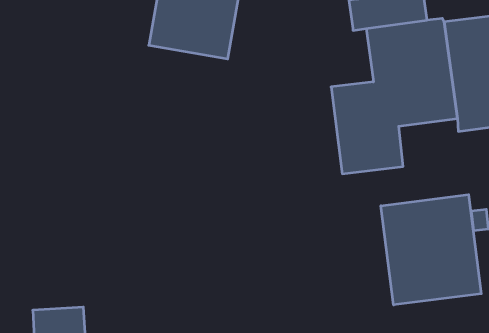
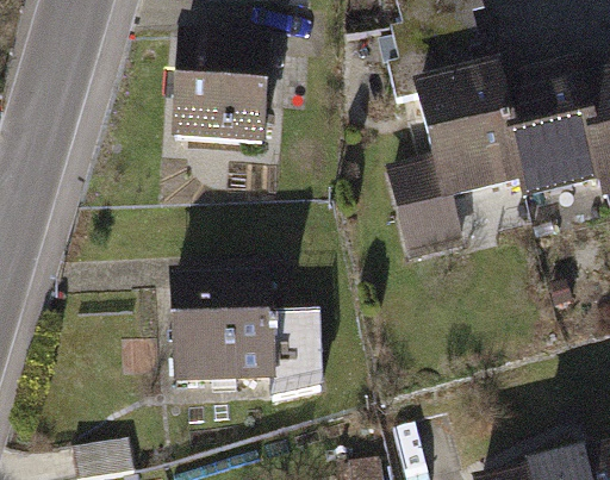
building: none -> [170,266,329,397]
building: [381,195,481,305] -> none

